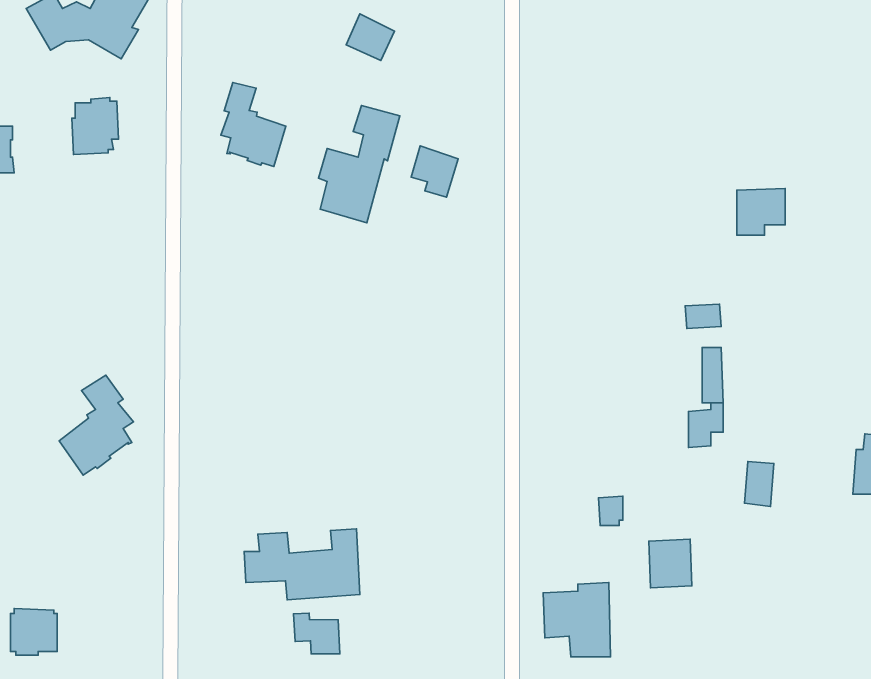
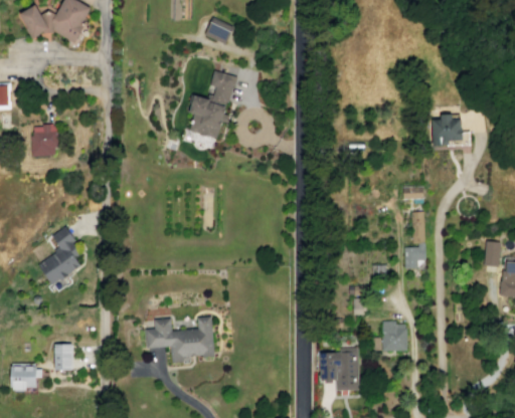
building: [221,82,286,167] -> none
building: [72,98,119,155] -> [31,124,58,157]
building: [411,146,458,197] -> none
building: [745,462,774,507] -> [484,241,501,267]
building: none -> [53,344,72,371]
building: [294,613,340,654] -> none

